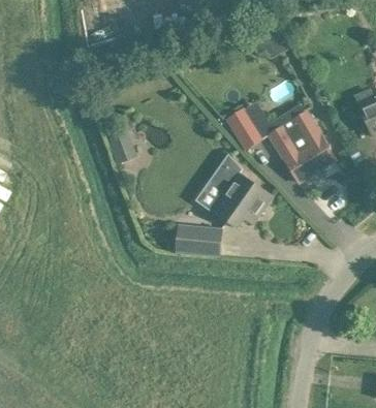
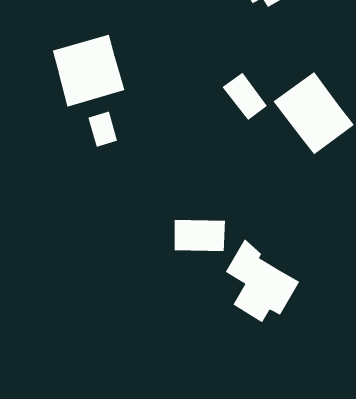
building: none -> [52,34,125,107]
building: [208,155,270,227] -> [225,238,300,323]

